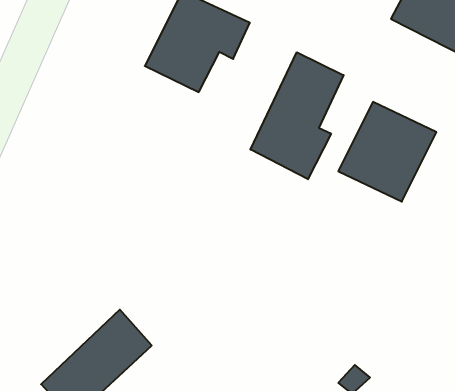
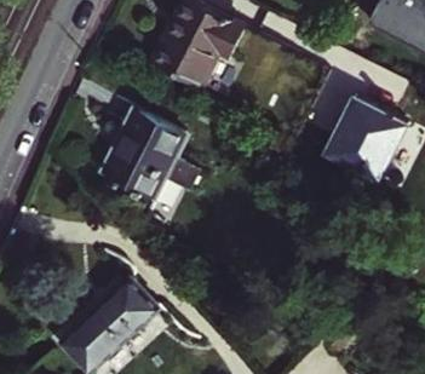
building: [250,52,344,179] -> none
building: none -> [102,110,199,203]

